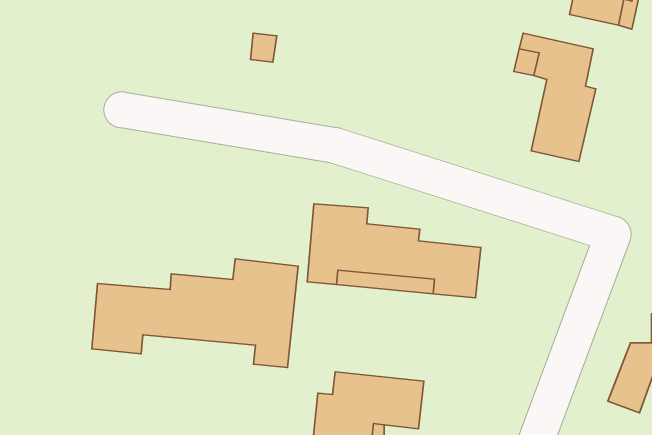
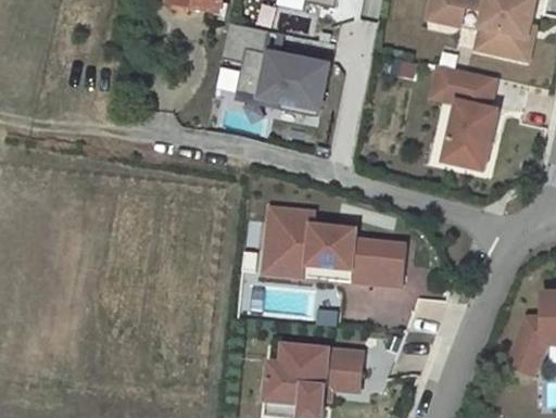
building: none -> [237,47,328,113]
building: [92,259,298,368] -> none

